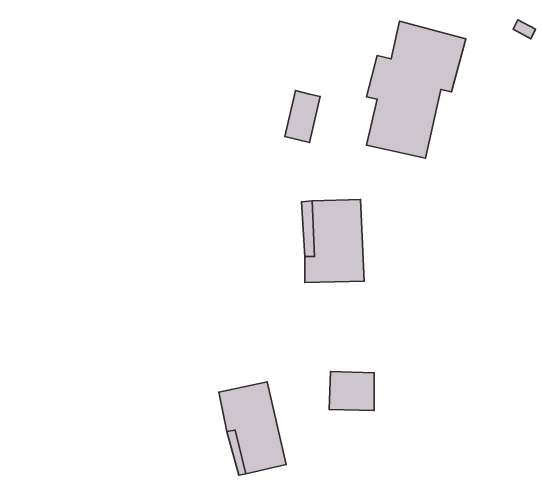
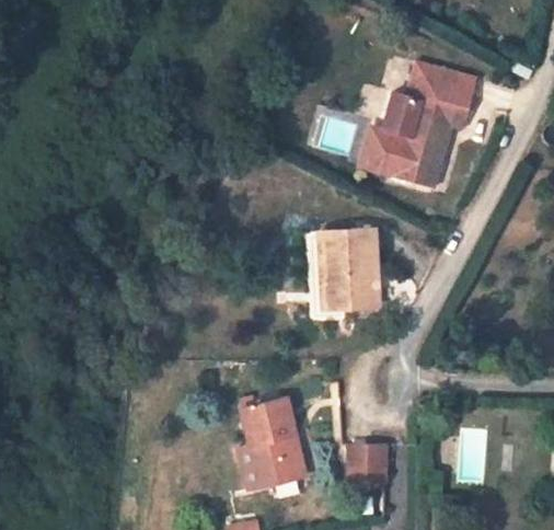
building: [285,91,320,143] -> [356,131,389,180]
building: [329,372,374,411] -> [347,439,389,475]

